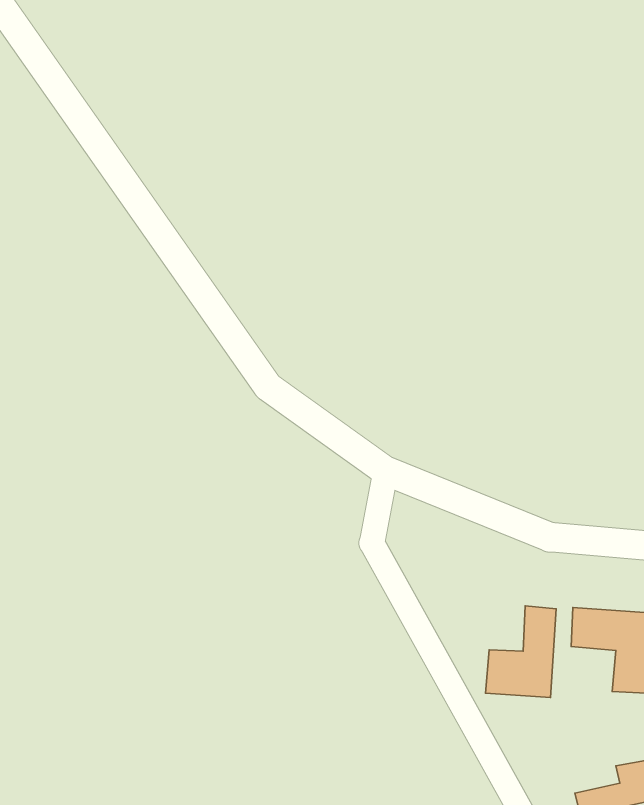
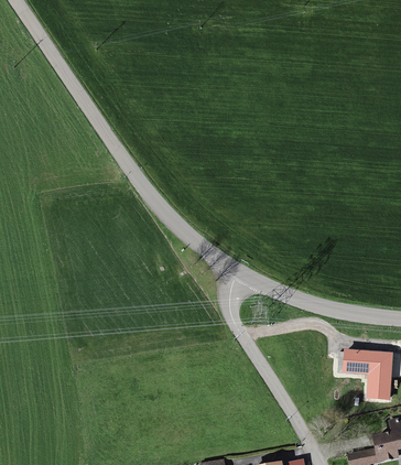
building: [486,606,556,698] -> none

